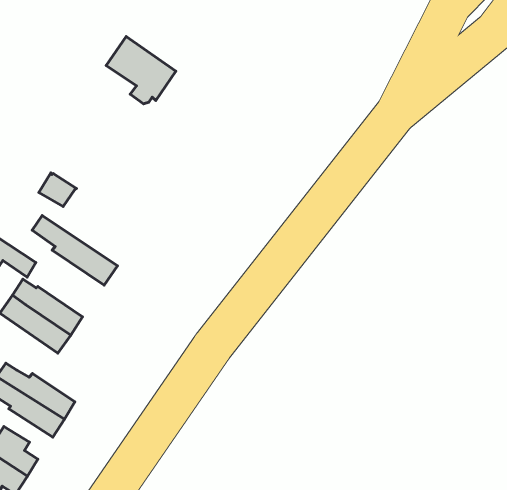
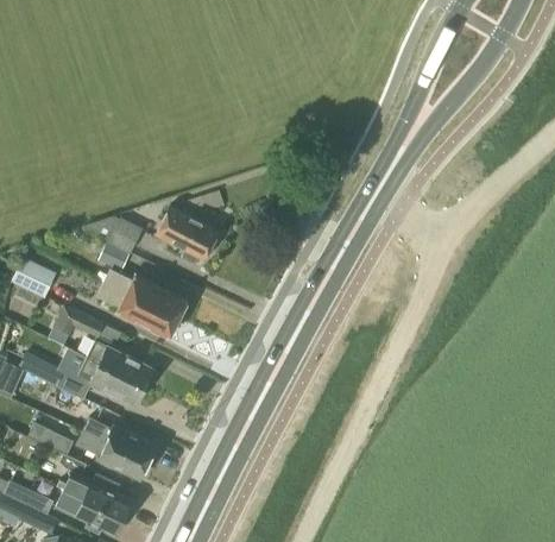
building: [106,37,176,104] -> [156,206,219,264]
building: none -> [108,218,143,253]
building: none -> [96,269,187,317]

